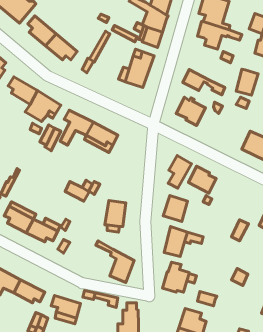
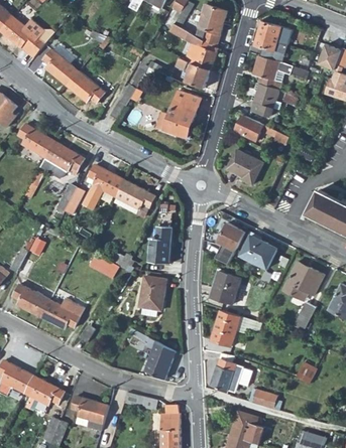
building: [236,69,258,95] -> [251,84,278,116]
building: none -> [148,226,171,263]
building: none -> [283,261,324,298]

